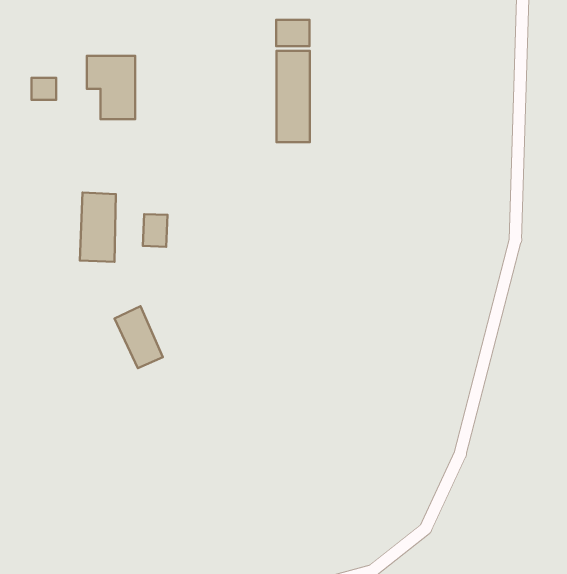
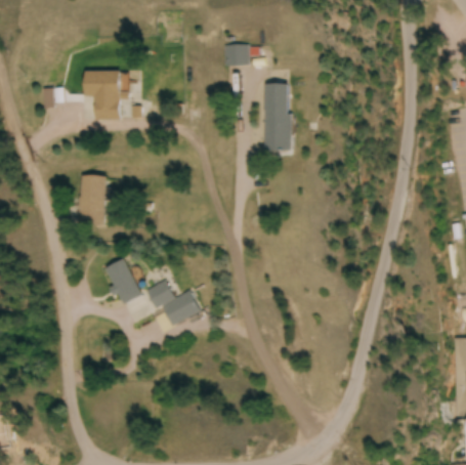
building: [276,51,310,142] -> [265,85,290,153]
building: [143,214,167,247] -> none
building: none -> [146,281,201,326]

